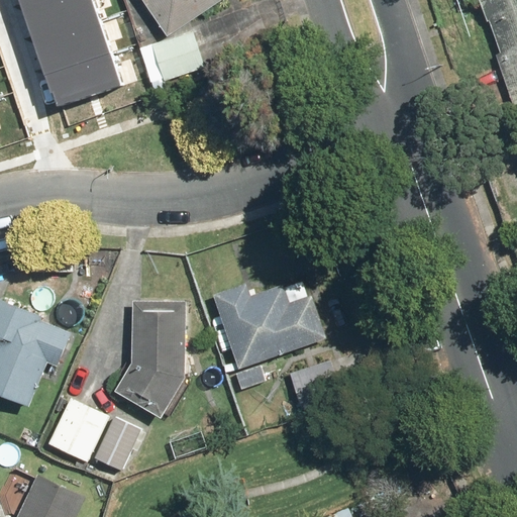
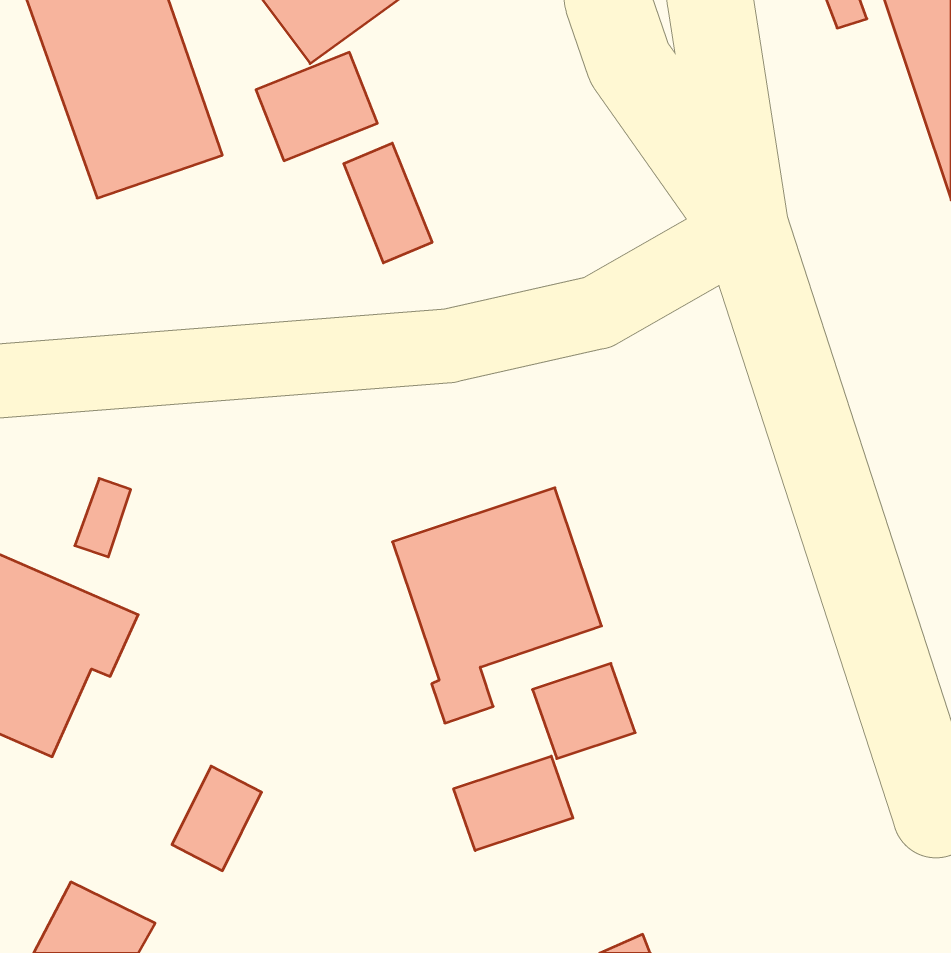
building: none -> [344,143,432,263]
building: [115,301,187,419] -> none
building: [48,398,110,461] -> none
building: none -> [454,756,573,851]

